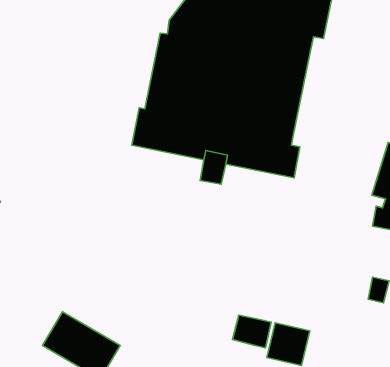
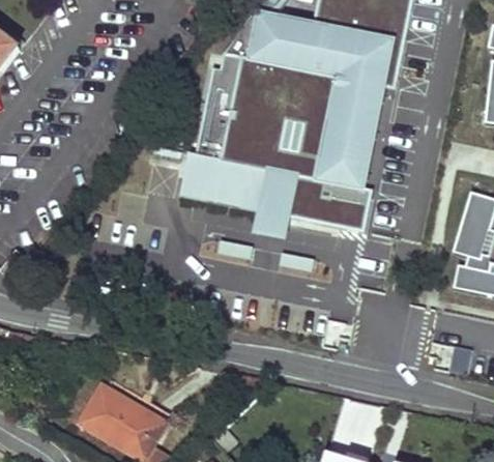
building: [232,315,271,348] -> none

